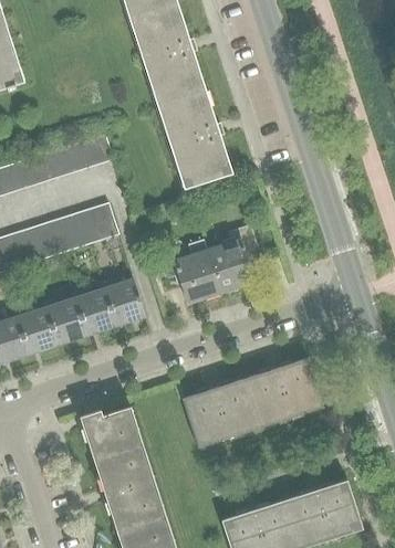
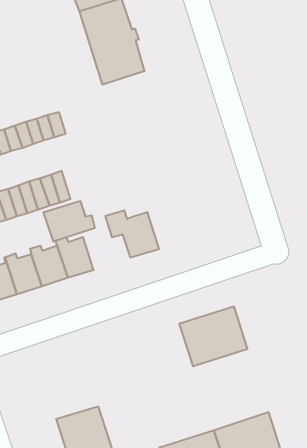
building: [156,87,232,188] -> none
building: [208,223,260,292] -> none
building: none -> [44,201,95,242]
building: [181,378,260,447] -> none
building: [81,407,152,487] -> none

